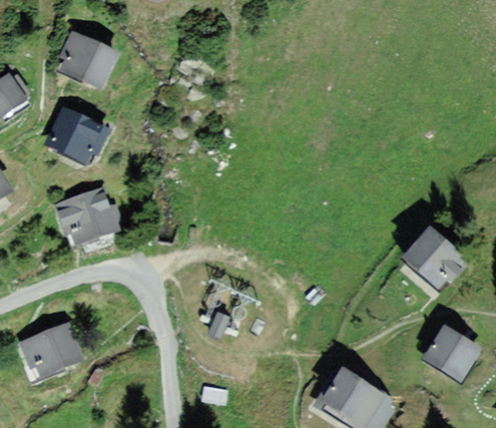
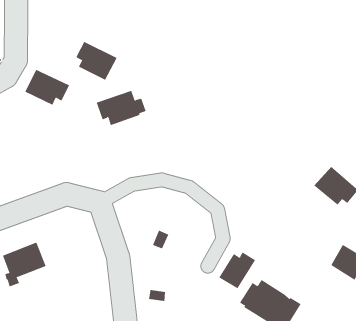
building: [62,34,114,83] -> [76,41,118,81]
building: [57,195,120,240] -> [96,90,147,126]
building: none -> [219,252,256,289]

